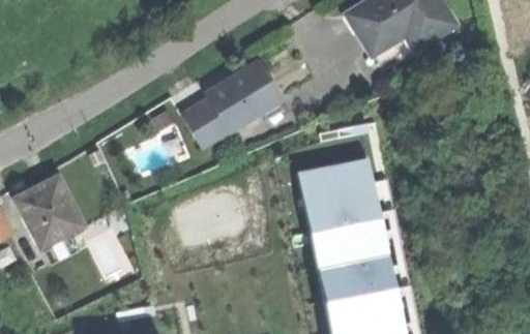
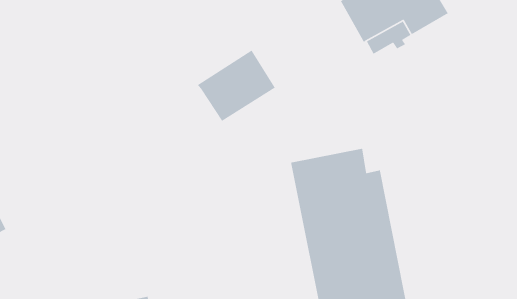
building: [183,99,231,149] -> none
building: [18,177,83,245] -> none

